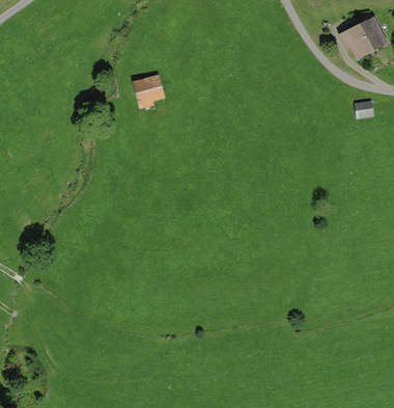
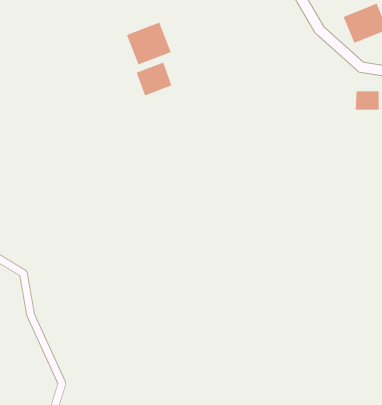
building: none -> [126,22,171,65]

